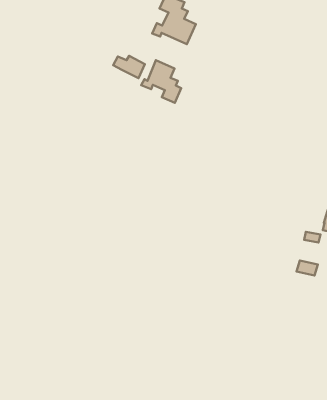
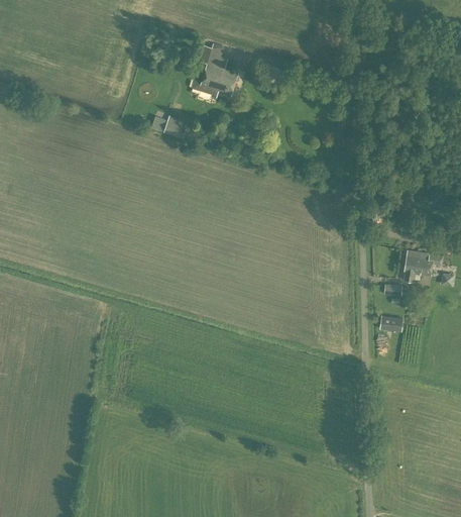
building: [141,60,181,103] -> none

